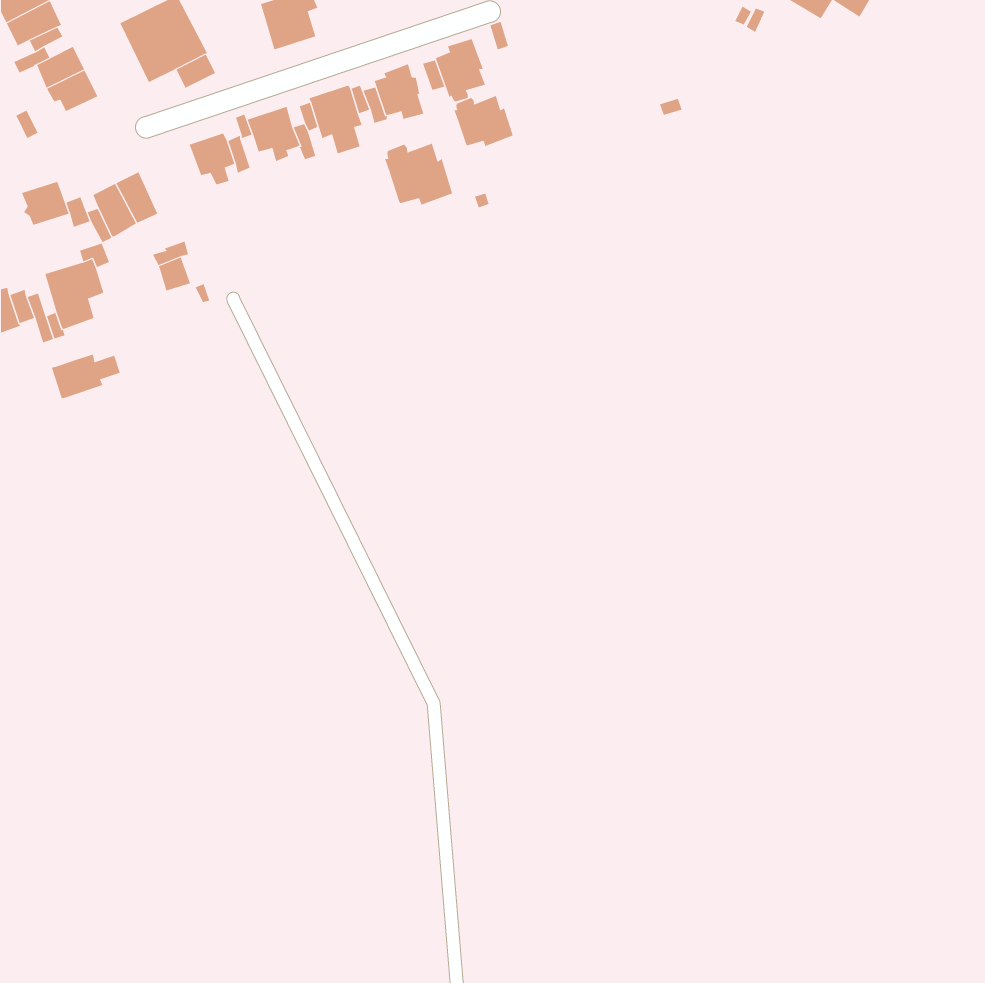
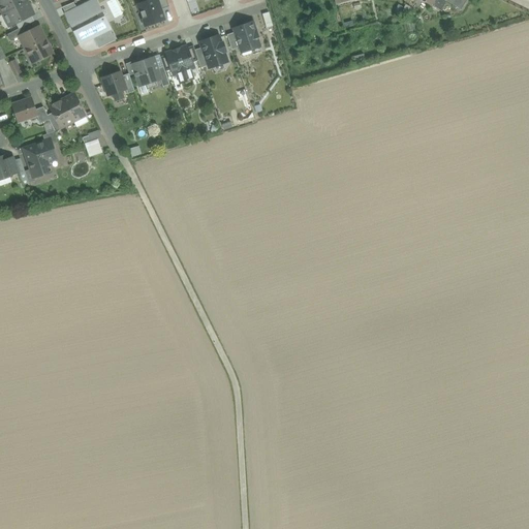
building: [453,95,513,147] -> none
building: [384,143,453,206] -> none
building: [51,354,120,399] -> none

